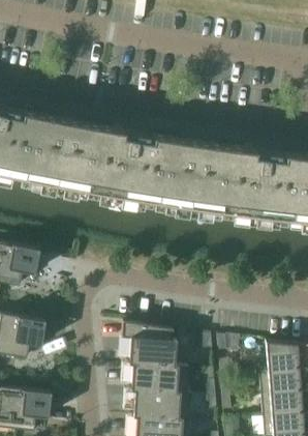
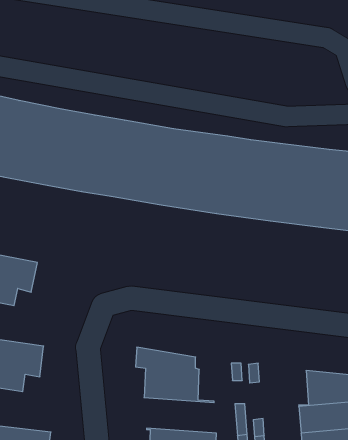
building: [130,362,191,393] -> none

